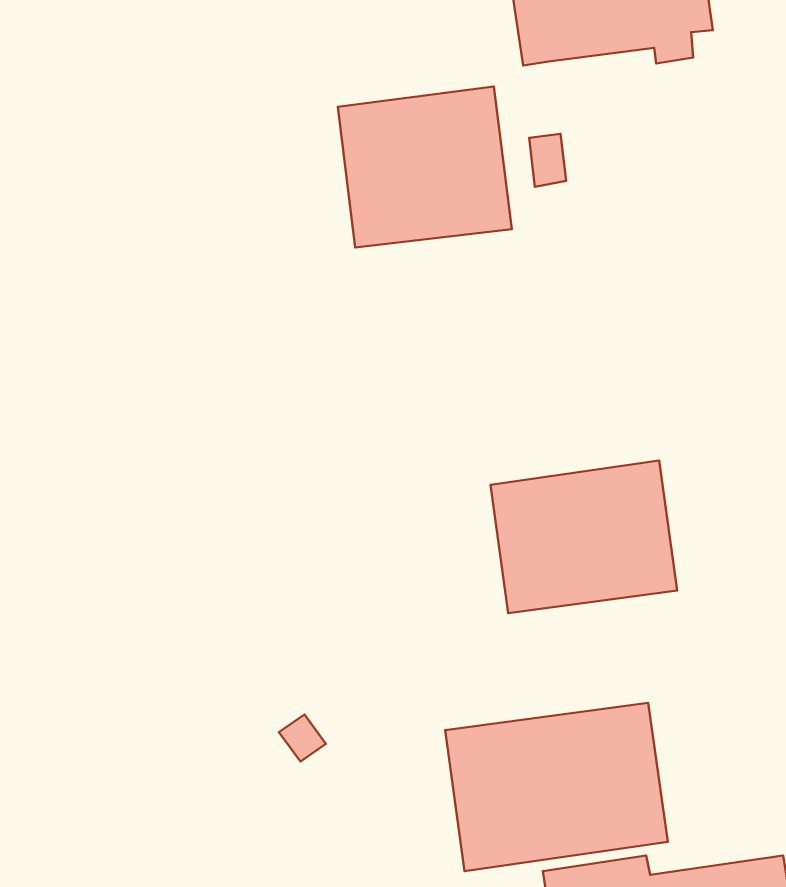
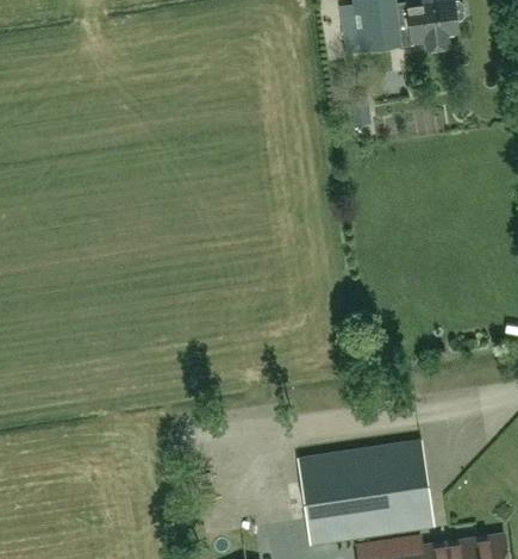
building: [338,86,512,248] -> none
building: [491,461,677,613] -> none

